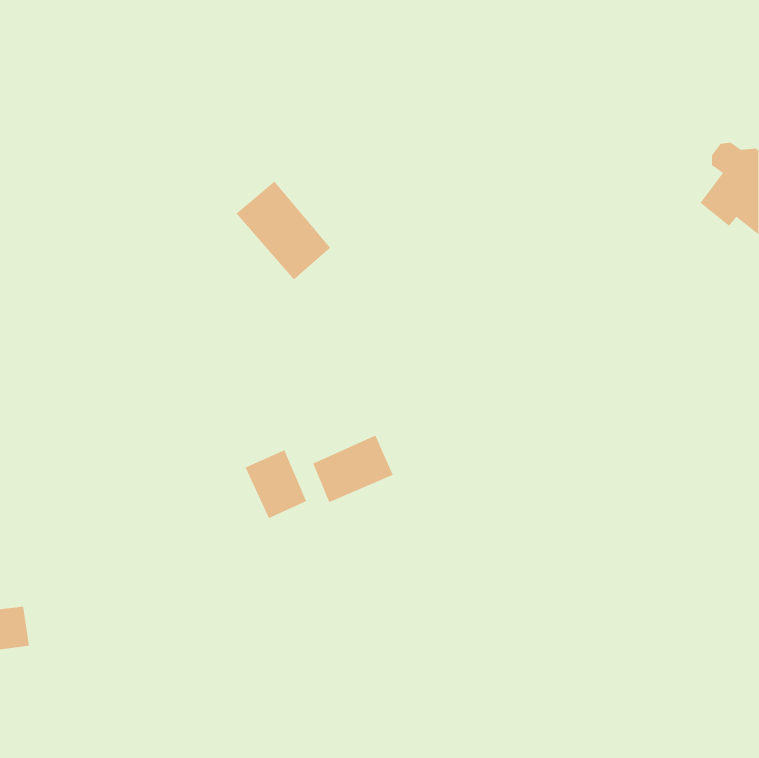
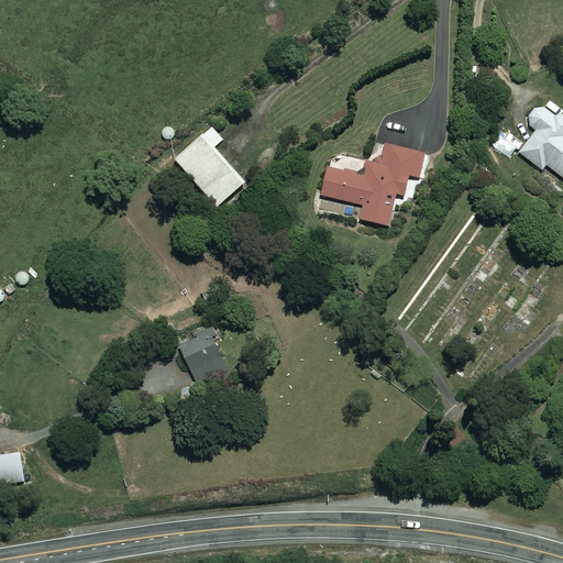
building: none -> [322,144,426,224]
building: [312,435,394,503] -> none

